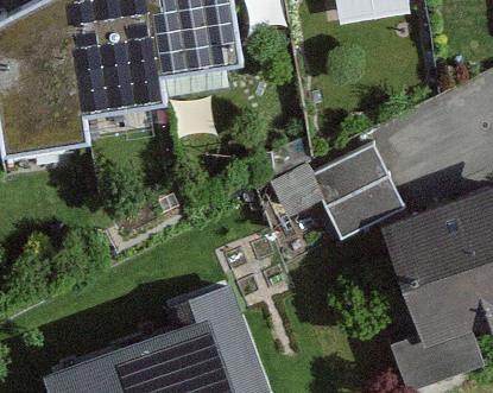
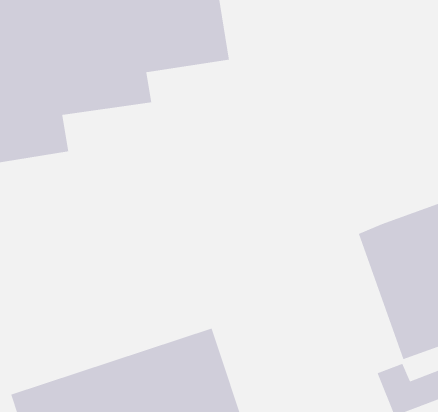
building: [305,151,398,242] -> none

